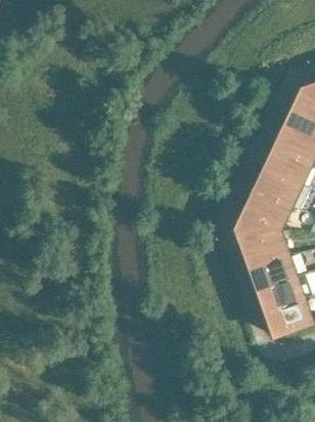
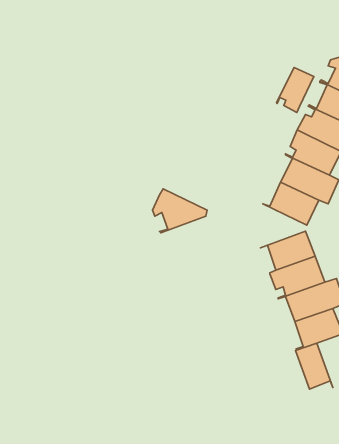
building: none -> [277,67,314,112]
building: [230,212,277,250] -> [152,189,207,233]
building: none -> [296,343,333,389]

